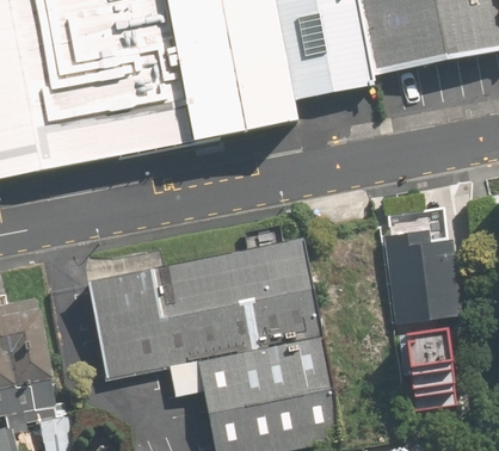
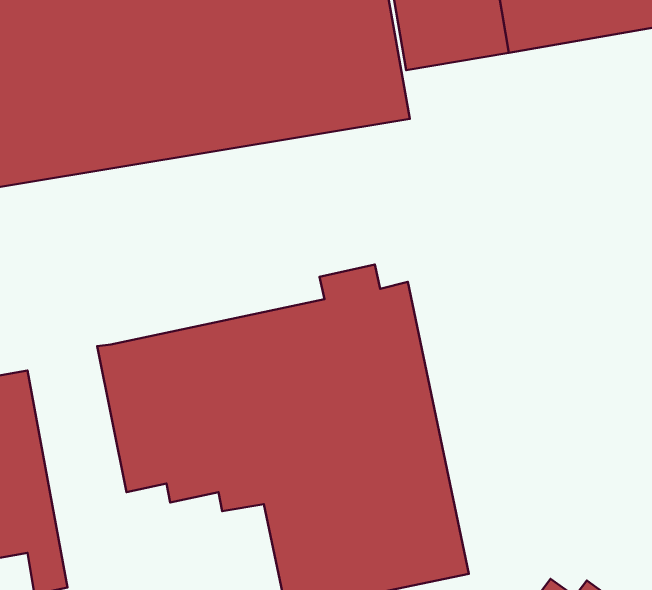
building: [382,206,463,325] -> none
building: [405,332,452,397] -> none

